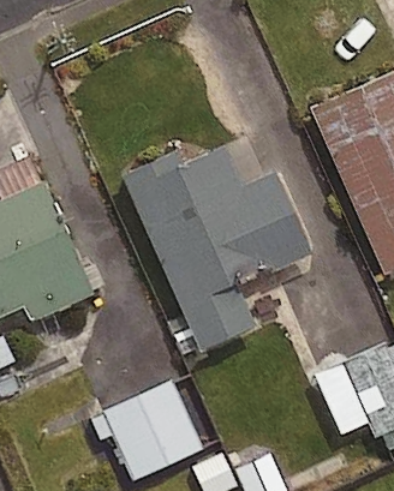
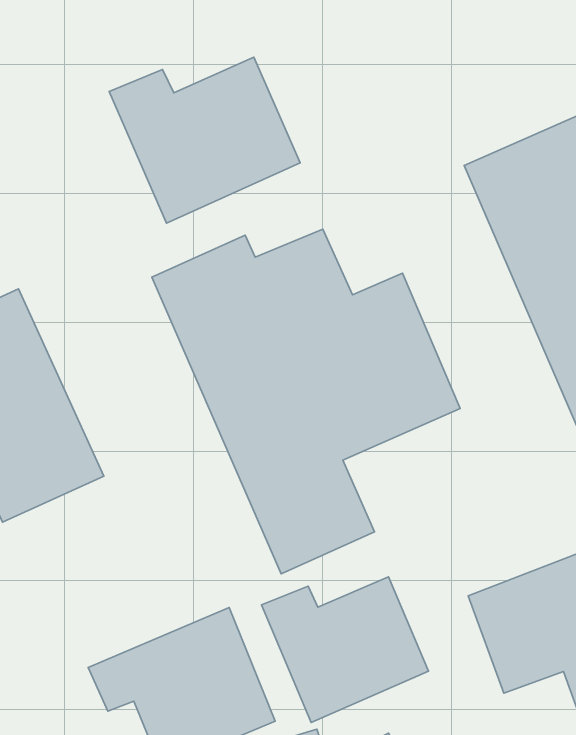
building: none -> [109,57,300,223]
building: none -> [261,577,428,723]

